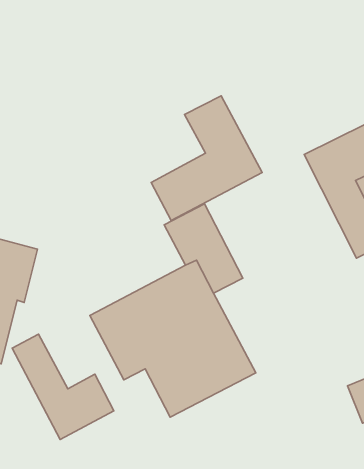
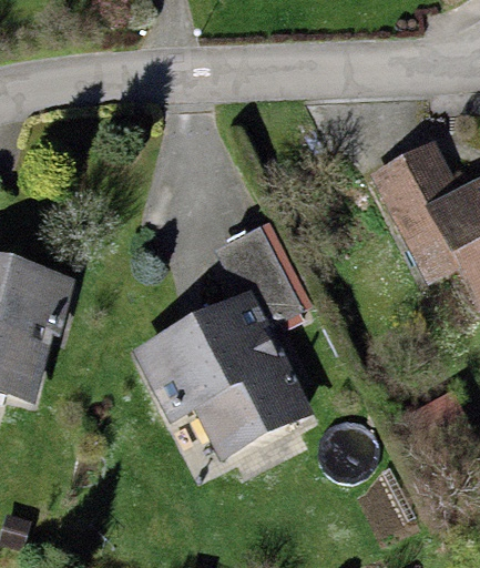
building: [151,96,262,220] -> none
building: [12,334,114,440] -> none

